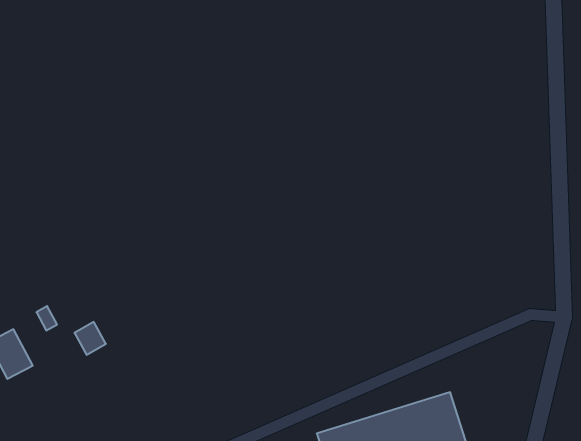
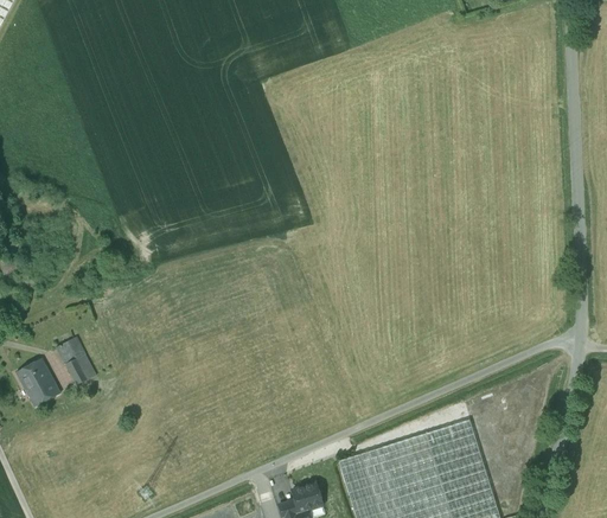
building: [74,322,106,355] -> [65,353,96,385]

